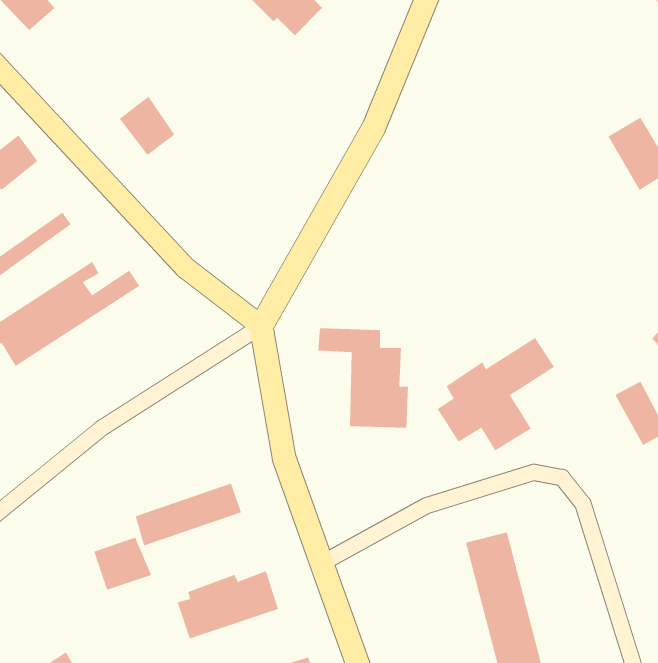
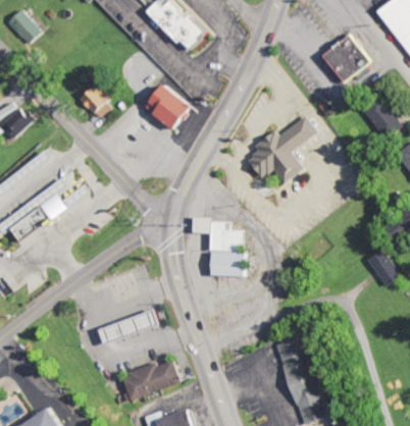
building: none -> [321,34,370,84]
building: none -> [145,85,192,131]
building: [437,337,555,451] -> [250,117,318,183]
building: [94,537,152,591] -> none

